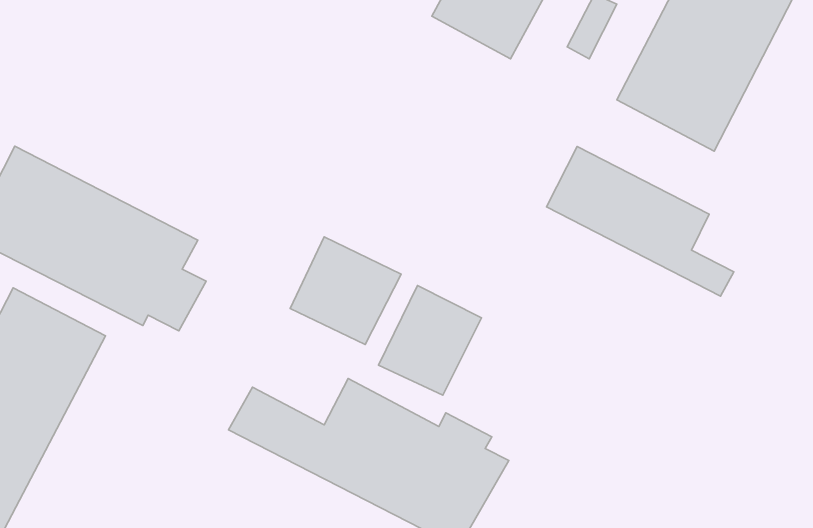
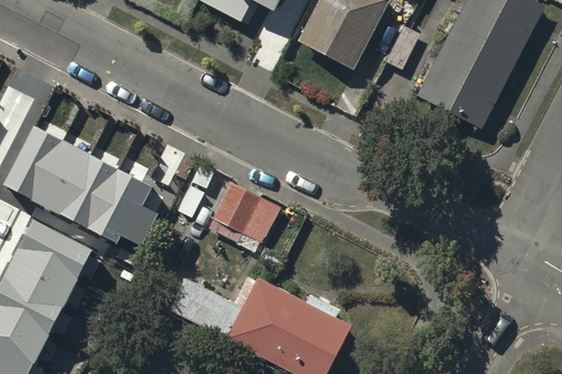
building: [546,146,734,296] -> none
building: [378,285,481,395] -> none

